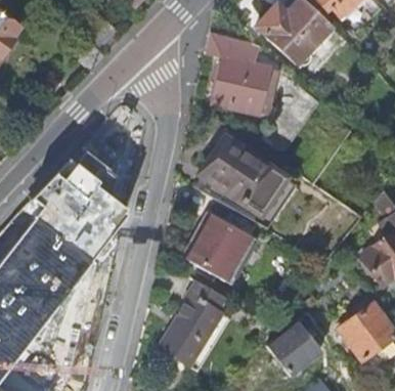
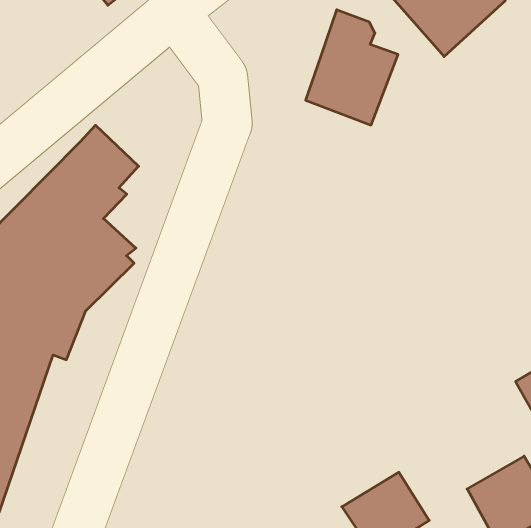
building: [195,140,287,226] -> none
building: [184,214,249,280] -> none
building: [156,280,226,362] -> none

